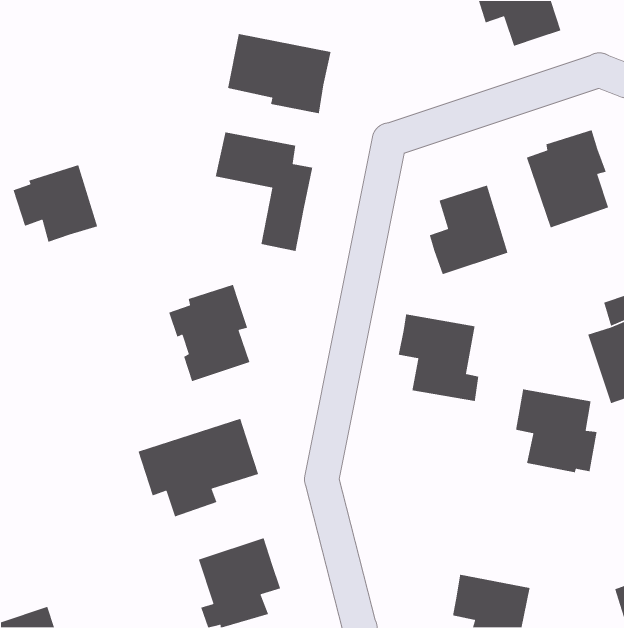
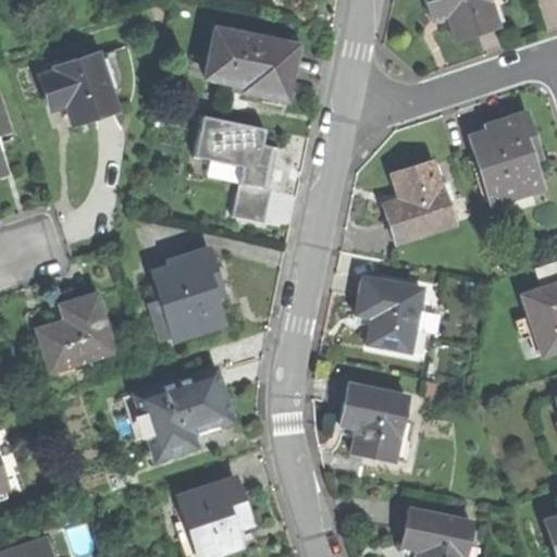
building: [12,164,98,243] -> [41,54,117,124]
building: none -> [35,294,115,373]
building: [515,388,598,473] -> [342,386,414,461]

